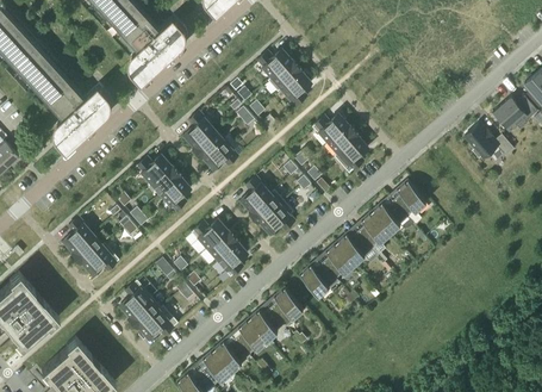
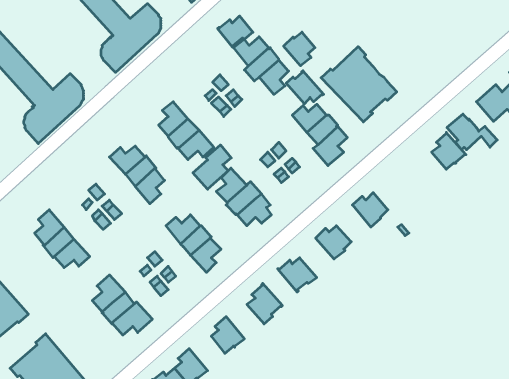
building: none -> [218,16,253,47]
building: none -> [284,32,315,66]
building: none -> [321,47,397,122]
building: none -> [286,71,324,104]
building: none -> [193,145,231,189]
building: [393,181,426,217] -> [432,132,466,169]
building: [357,212,391,248] -> none
building: [322,244,355,282] -> none
building: [250,309,287,342] -> none
building: [214,340,249,373] -> none

